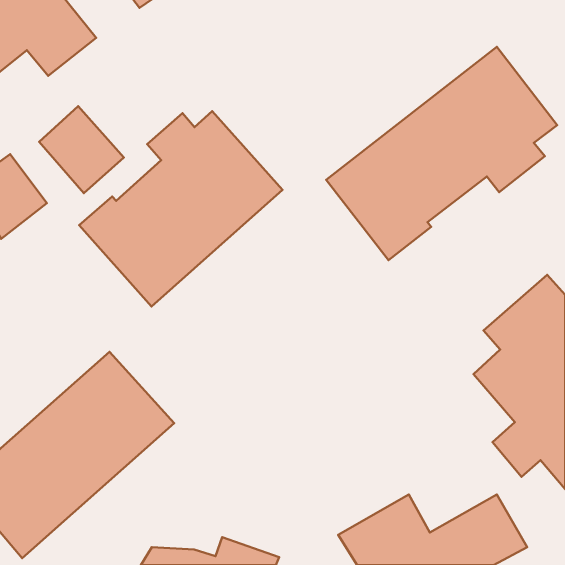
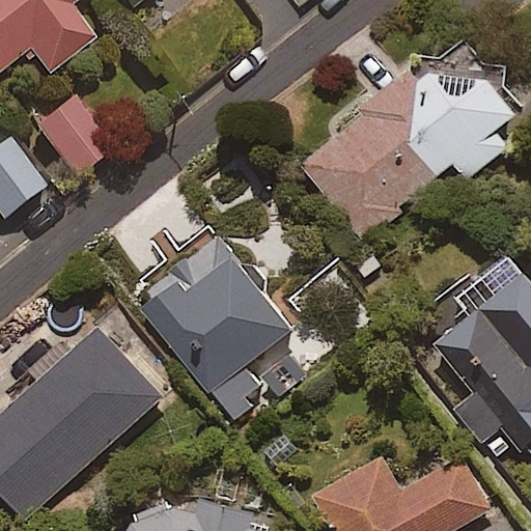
building: [79,111,283,307] -> none
building: none -> [143,235,299,411]

